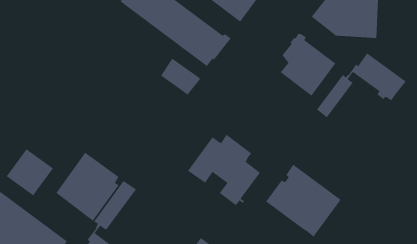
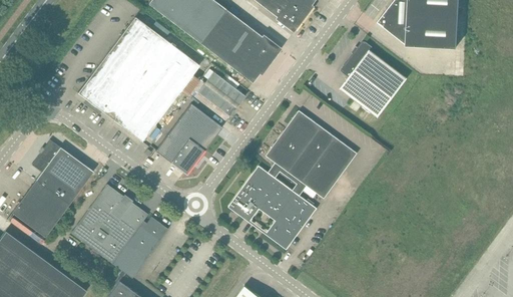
building: none -> [77,17,199,141]
building: [316,52,406,118] -> none
building: none -> [155,103,221,174]
building: none -> [31,139,93,204]
building: [265,164,342,238] -> [266,110,357,199]

